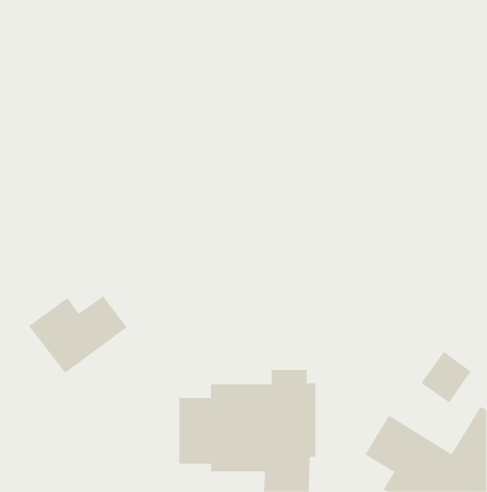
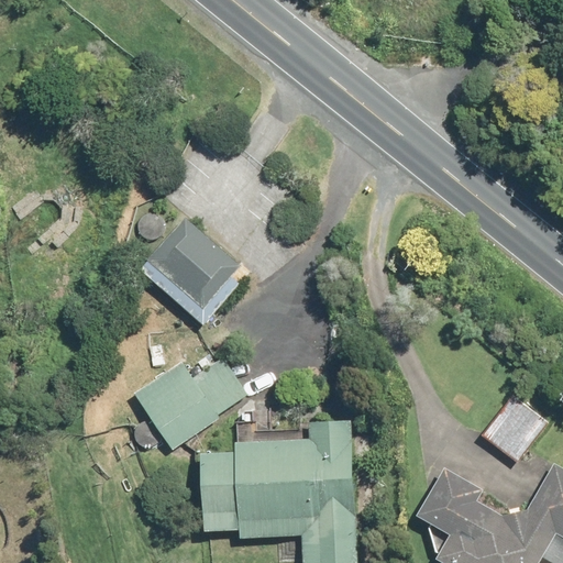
building: none -> [140,219,246,323]
building: [28,295,127,373] -> [133,360,246,449]

